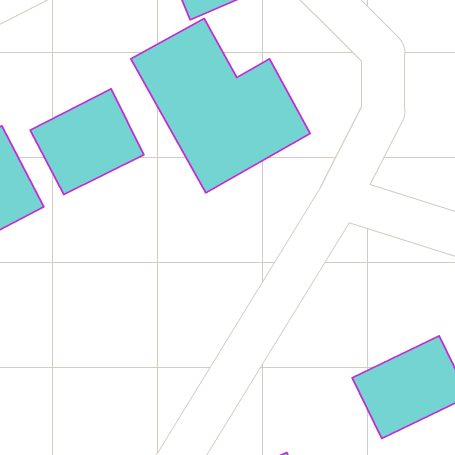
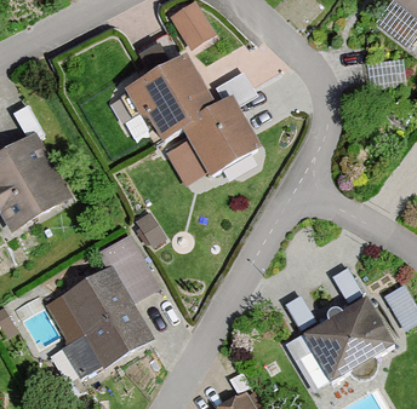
building: [30,89,144,195] -> none
building: none -> [42,237,159,382]

